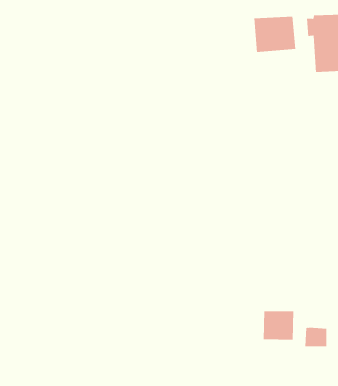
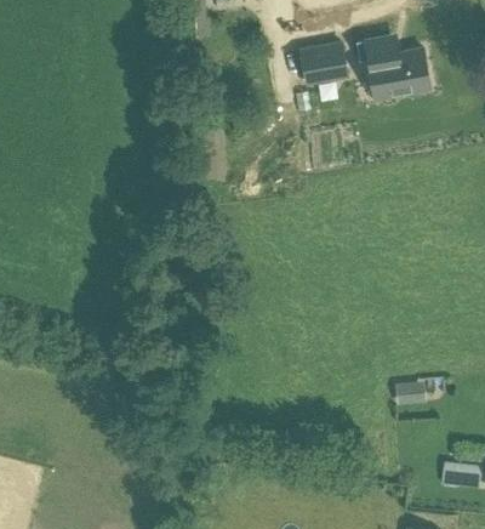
building: [263,310,294,341] -> none

